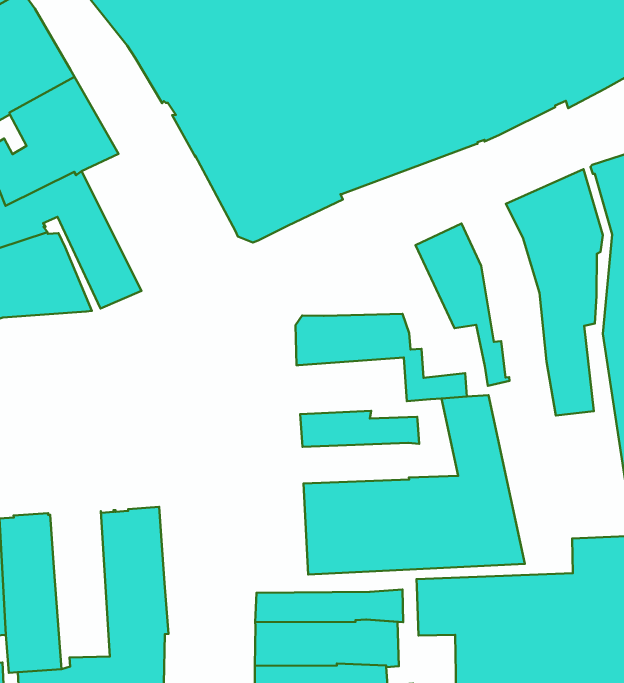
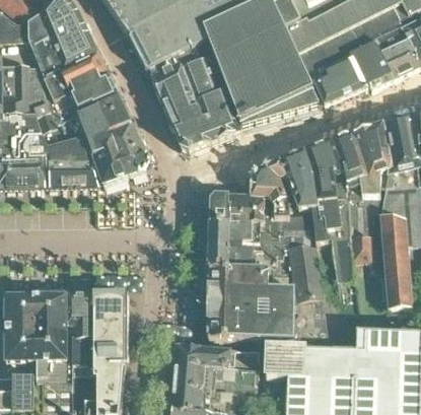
building: none -> [97,95,149,172]
building: none -> [306,139,353,279]
building: none -> [249,161,308,226]
building: none -> [209,220,282,256]
building: none -> [208,266,268,288]
building: none -> [66,293,94,374]

